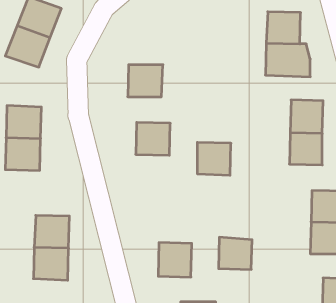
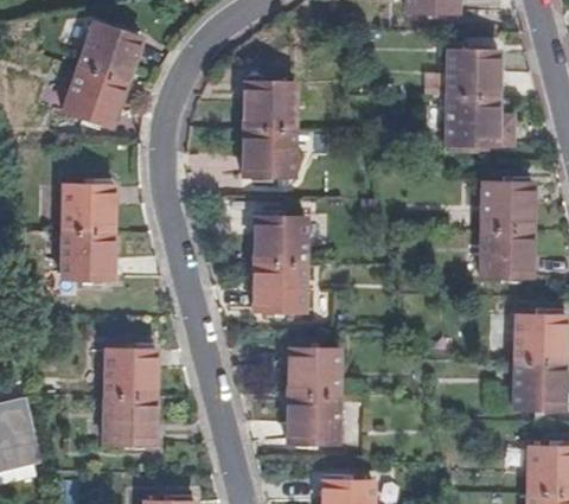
building: none -> [244,81,296,128]
building: [197,142,231,175] -> [255,261,305,310]
building: [219,237,252,269] -> [289,345,339,393]

